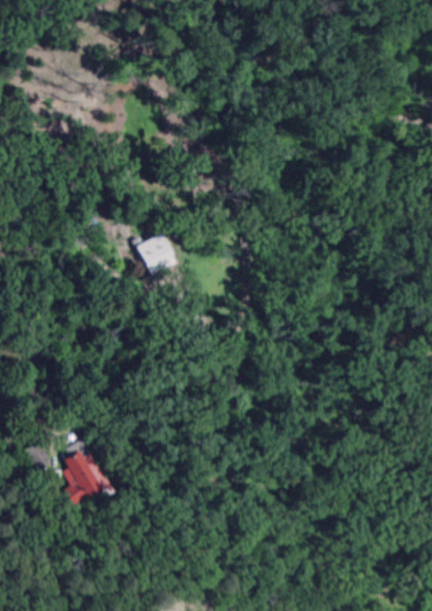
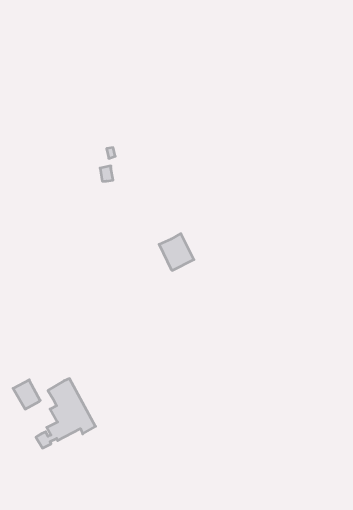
building: [141,234,179,274] -> [159,234,194,270]

